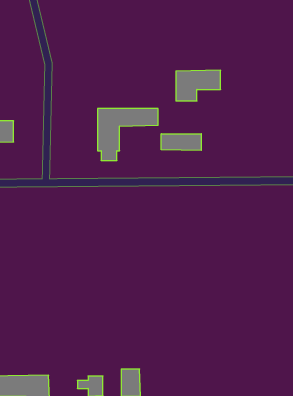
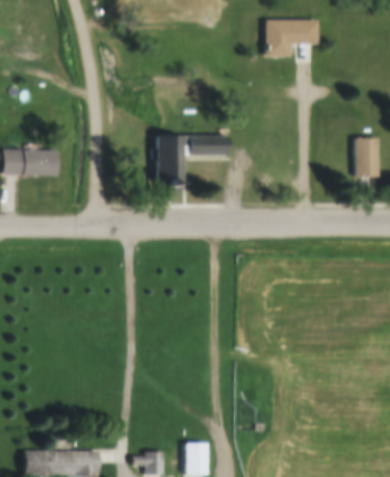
building: [176,70,221,101] -> [266,19,319,55]
building: none -> [356,138,379,177]
building: [161,134,201,150] -> none

